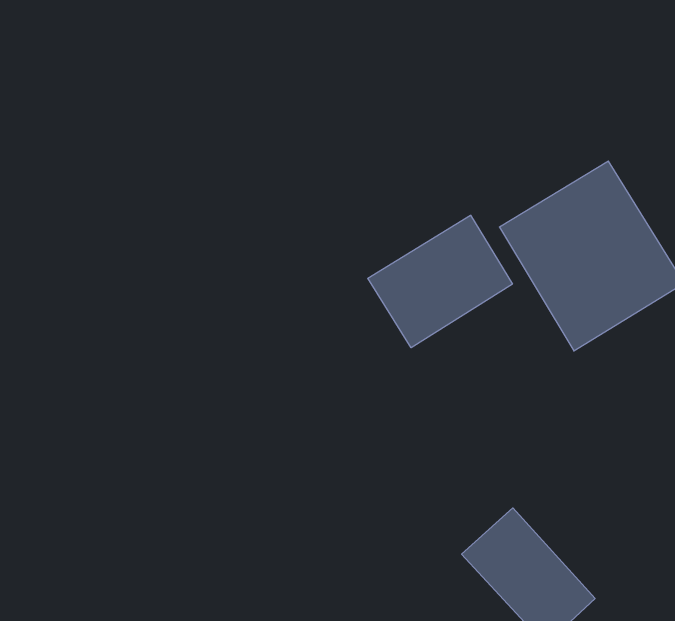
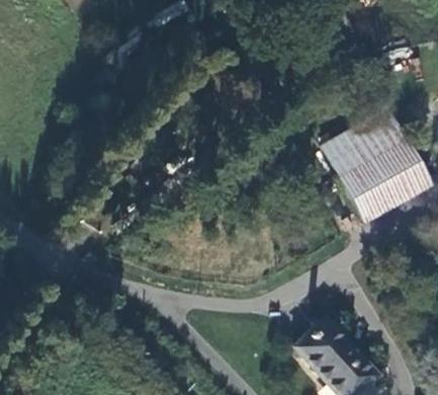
building: [368,215,512,348] -> none

